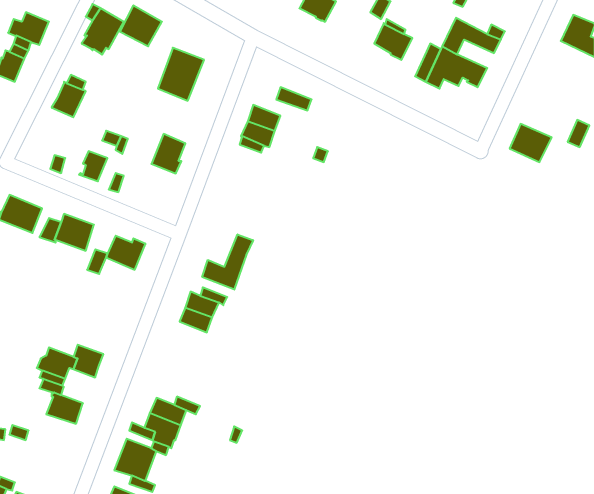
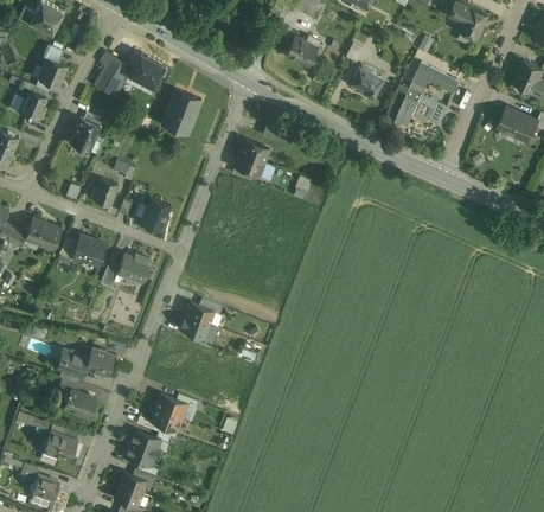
building: [510,124,552,162] -> [498,107,535,140]
building: [151,134,185,173] -> [141,197,171,231]
building: [202,234,253,290] -> none
building: none -> [41,430,78,465]

